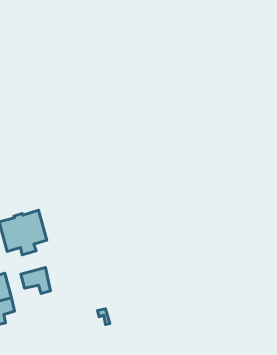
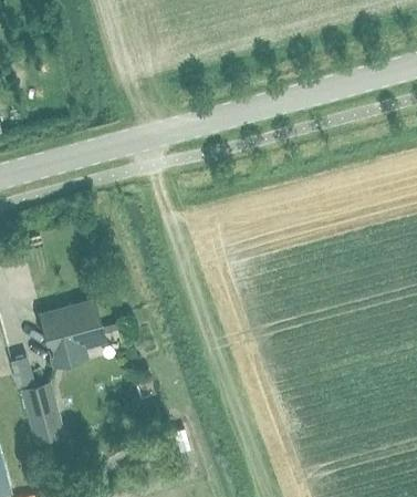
building: [21,267,51,294] -> none

